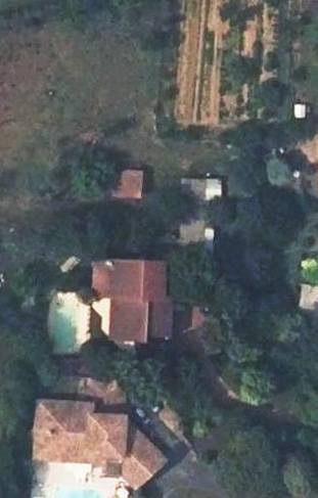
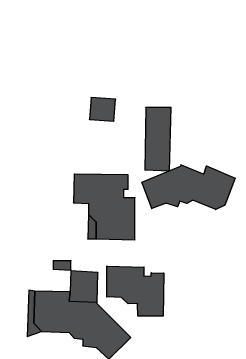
building: none -> [142,165,235,210]
building: none -> [107,266,164,316]

